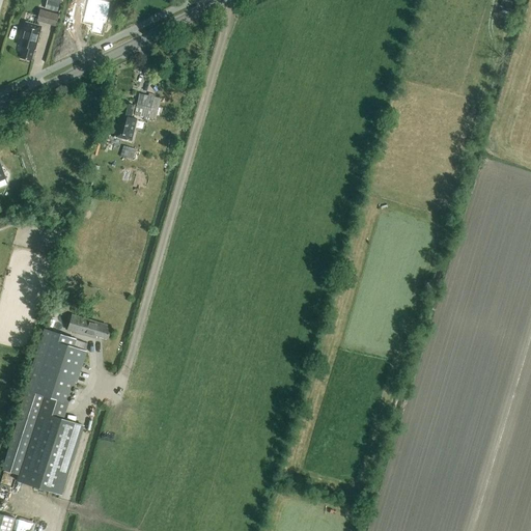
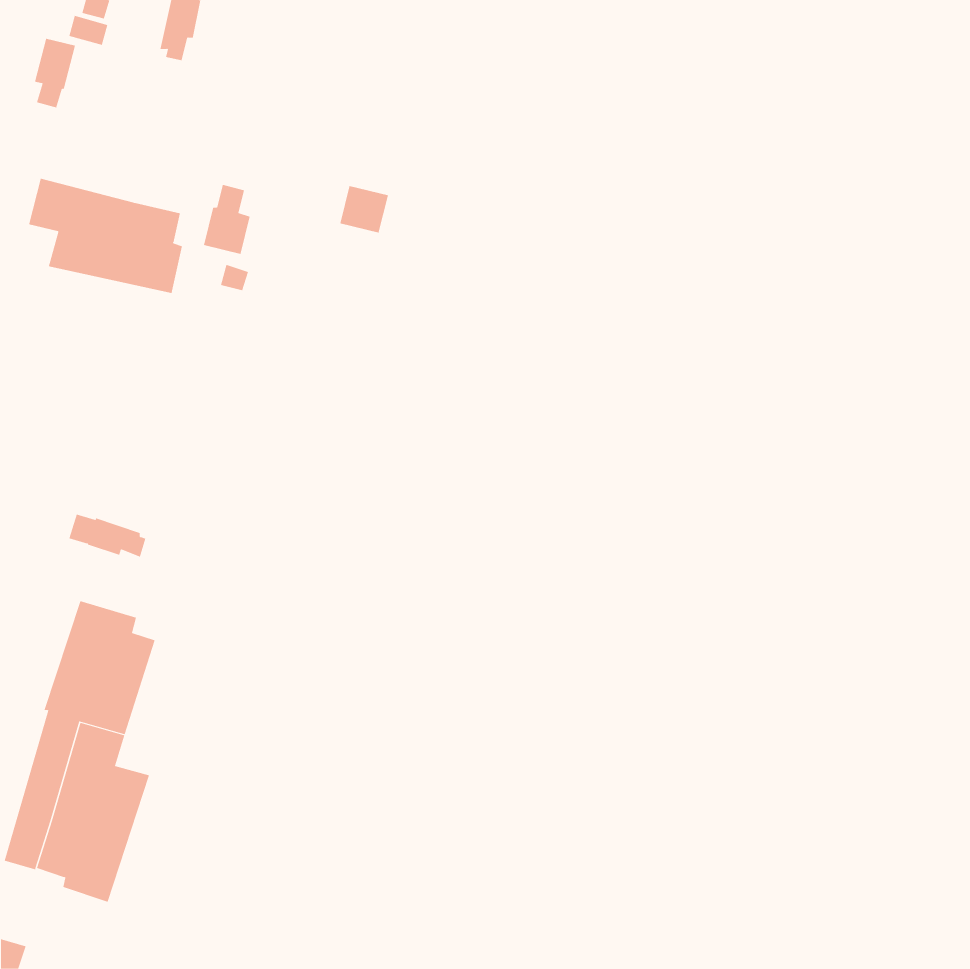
building: [134,92,161,118] -> [339,186,389,233]
building: none -> [28,178,182,294]
building: [67,314,110,338] -> [68,514,146,557]

